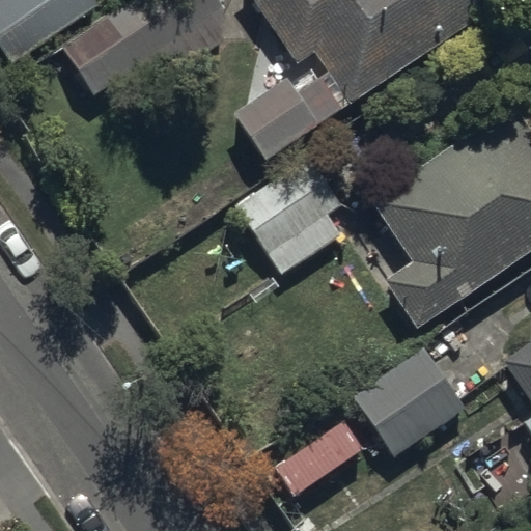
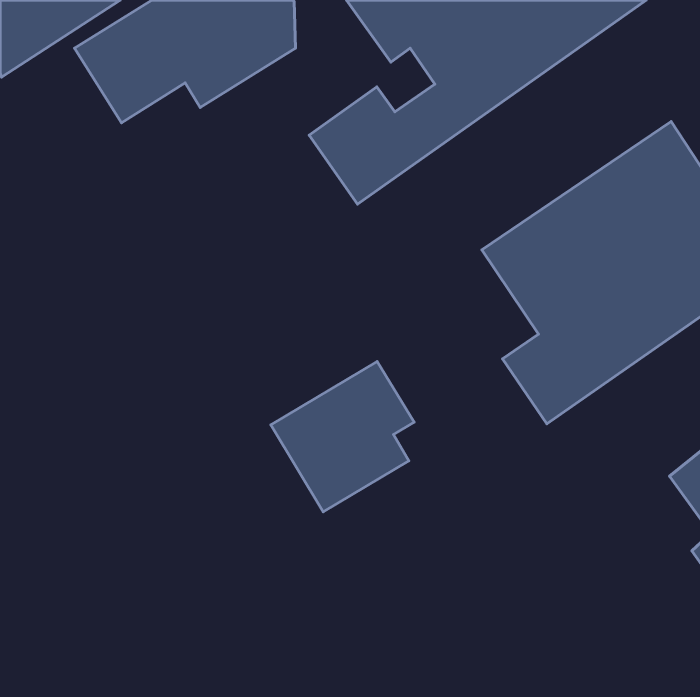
building: [240,162,347,275] -> [271,361,414,512]
building: [350,344,467,457] -> none

